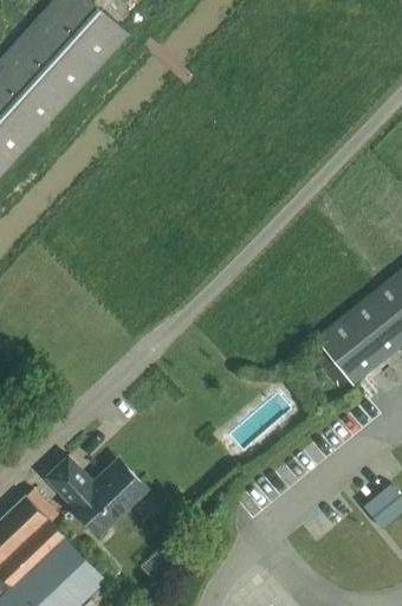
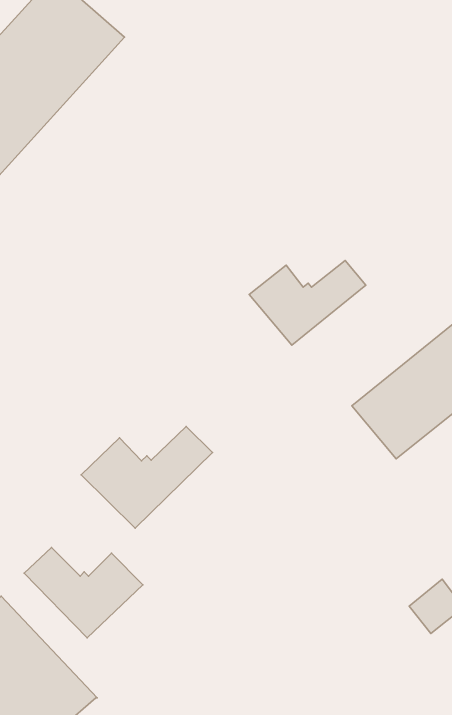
building: none -> [249,261,366,345]
building: none -> [81,427,212,528]

